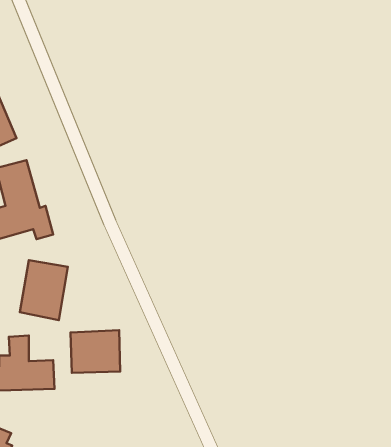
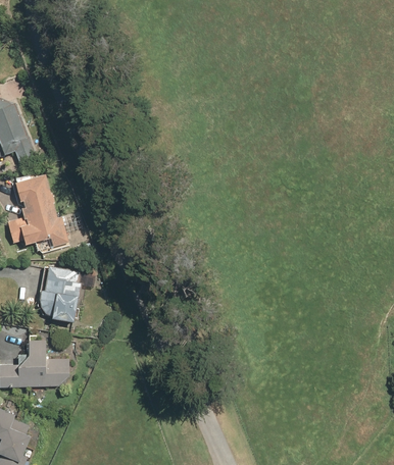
building: [71,330,120,373] -> none

